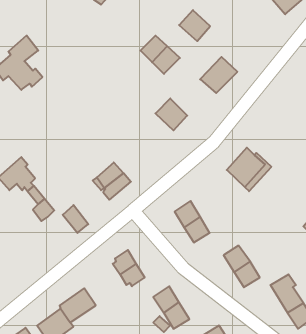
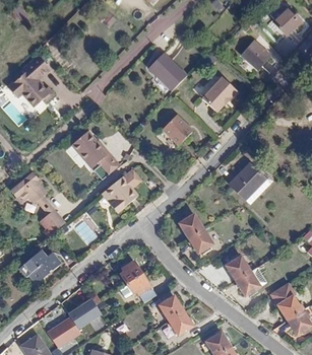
building: [179,10,210,41] -> [241,40,270,69]
building: none -> [69,132,105,167]
building: none -> [19,248,62,283]

